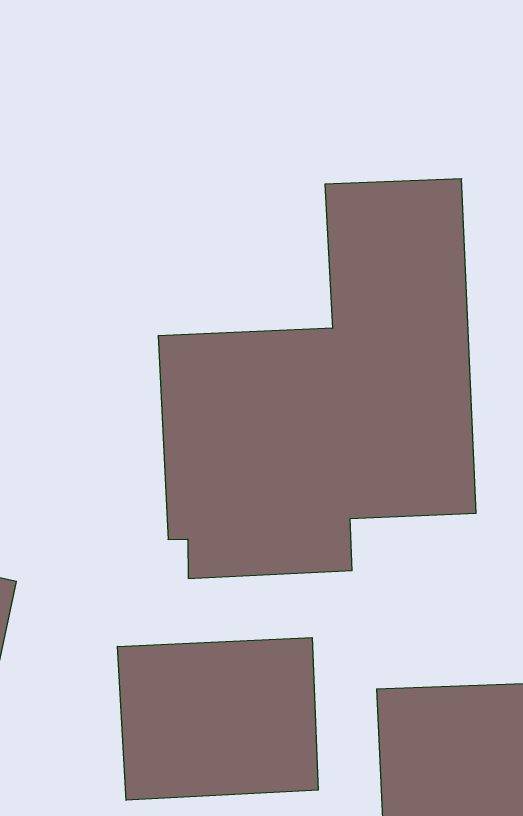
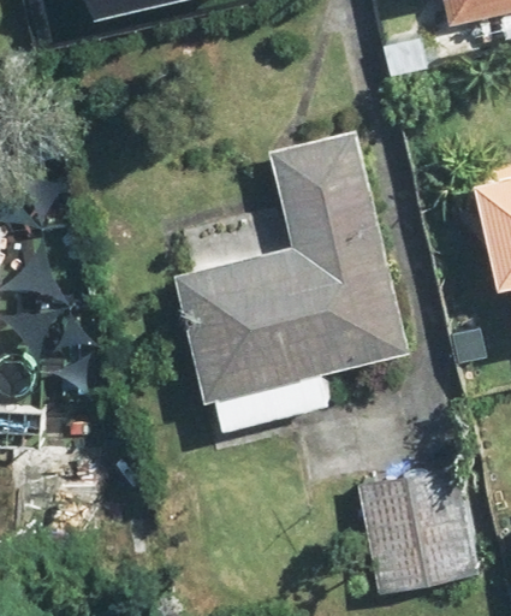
building: [117,638,318,800] -> none

